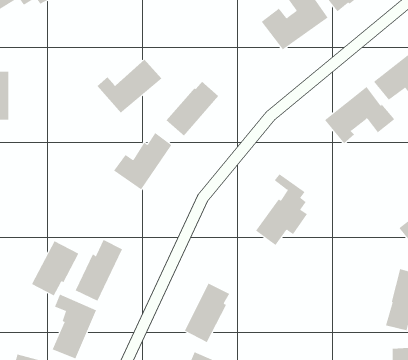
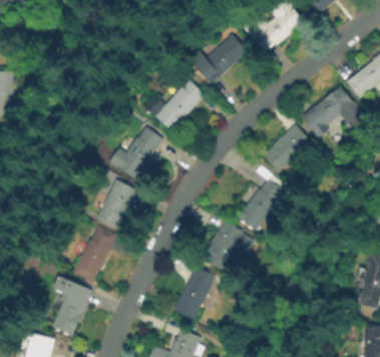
building: [96,59,162,114] -> [188,34,249,84]
building: none -> [264,124,312,172]
building: none -> [202,221,254,270]
building: [31,240,79,296] -> [94,179,138,230]

